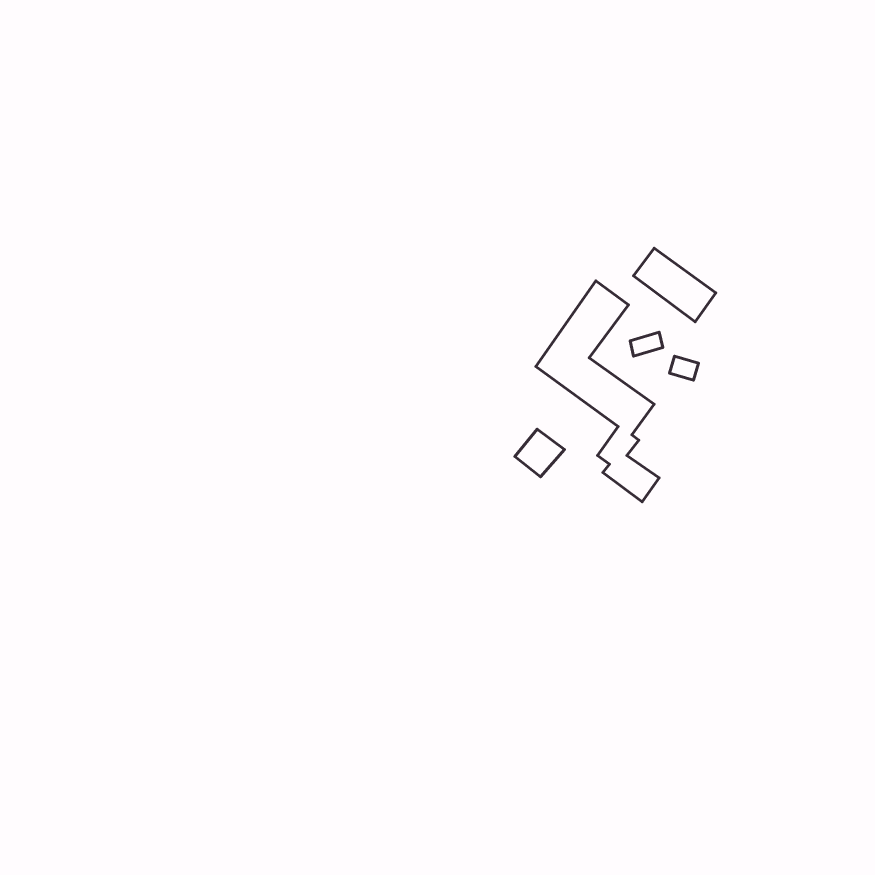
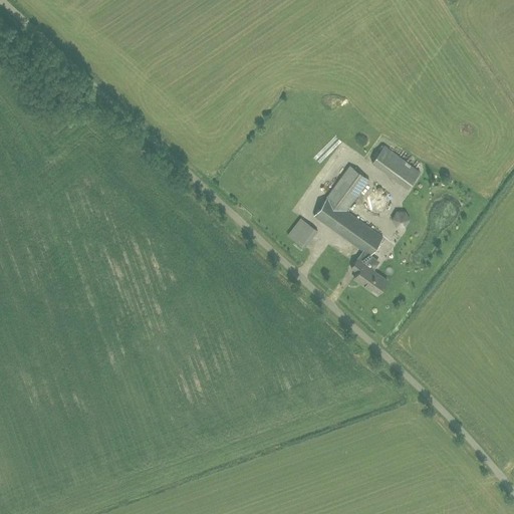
building: [515,429,564,477] -> [288,219,317,247]

